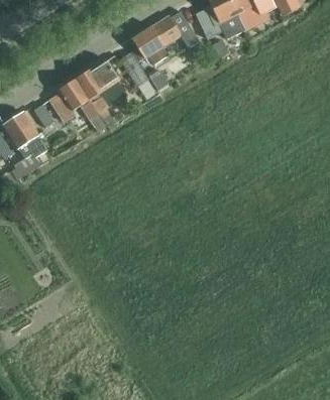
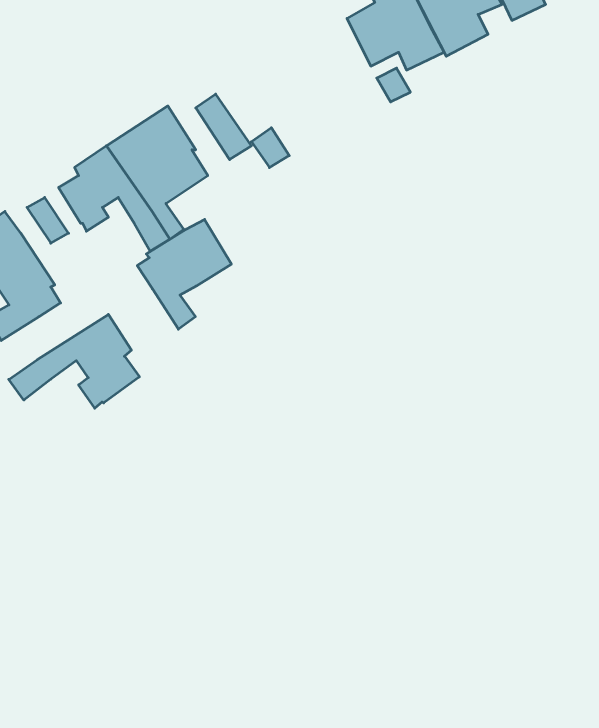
building: [133,13,200,65] -> none
building: none -> [137,219,231,329]
building: none -> [9,314,139,408]

